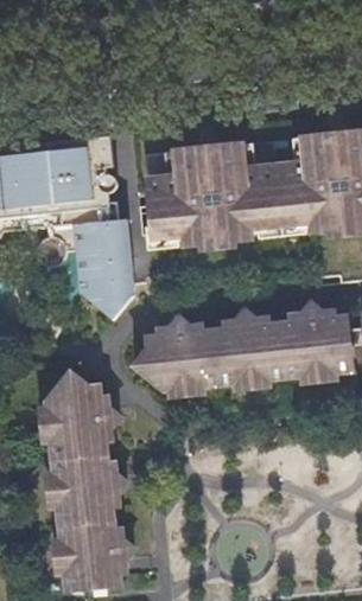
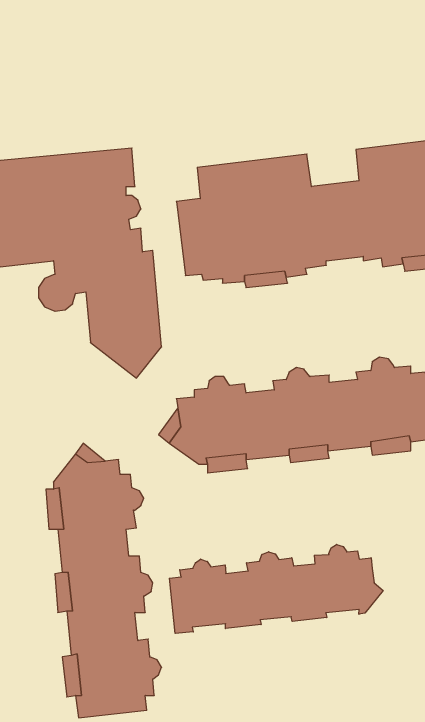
building: none -> [169,544,383,633]

